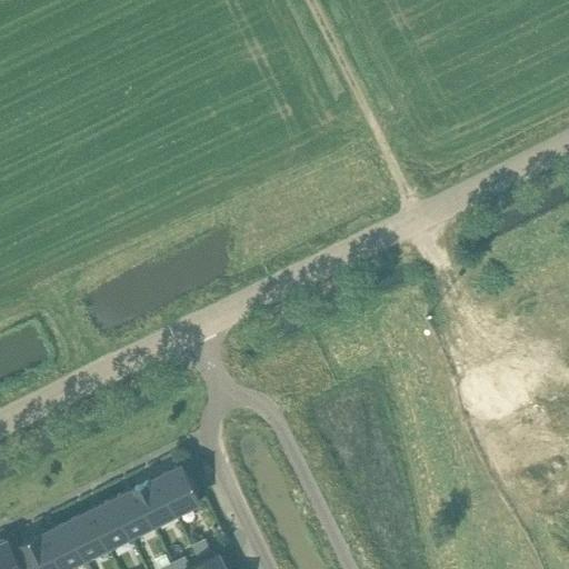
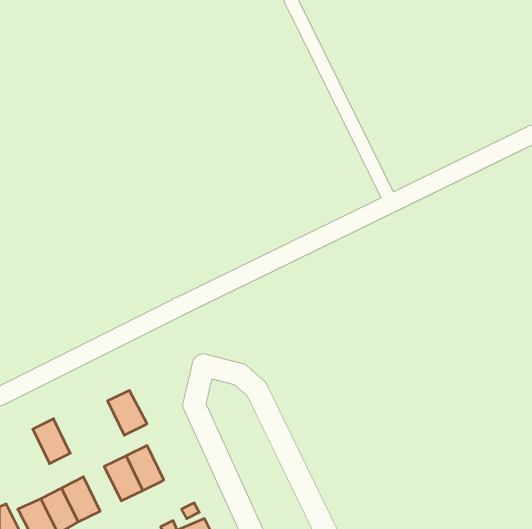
building: [157,468,199,516] -> [108,390,147,435]
building: [89,501,129,549] -> [33,419,70,464]

